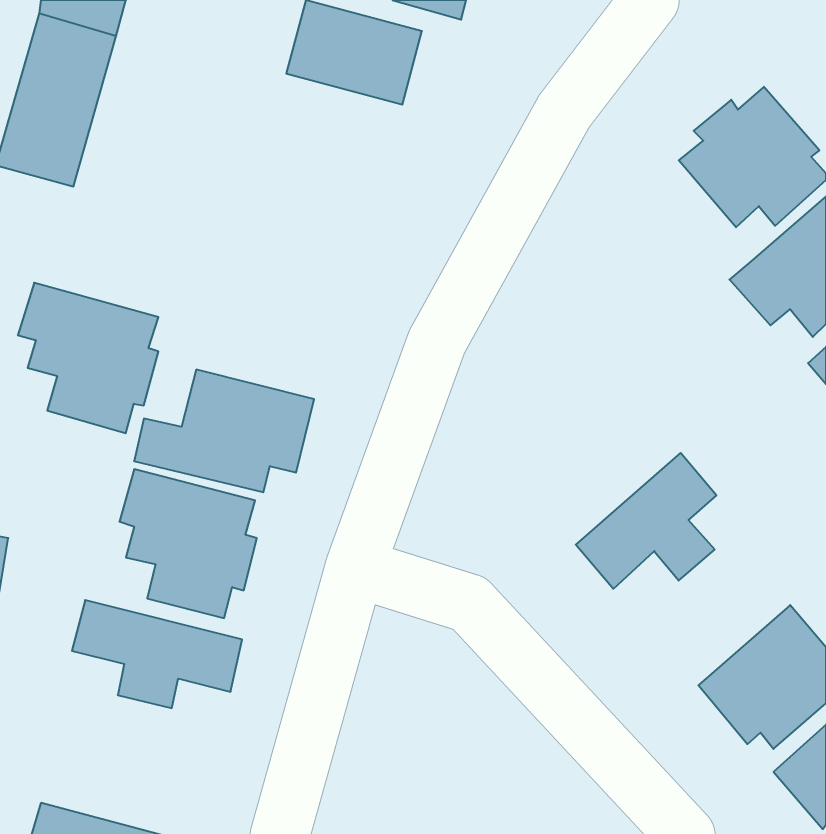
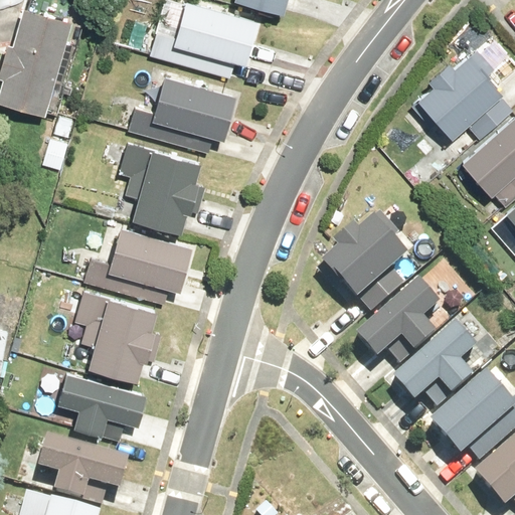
building: none -> [153,76,238,141]
building: [18,283,158,433] -> [116,141,202,233]
building: none -> [322,214,411,316]
building: none -> [392,324,479,406]
building: none -> [38,437,133,502]

